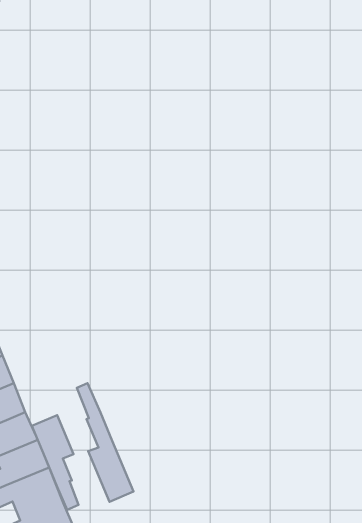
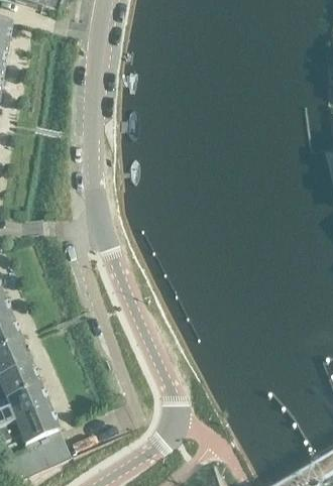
building: [77,383,134,502] -> none
building: [32,415,79,510] -> none

